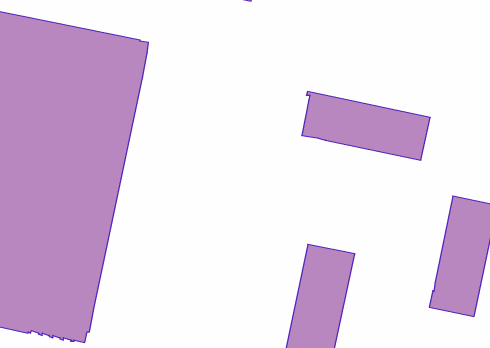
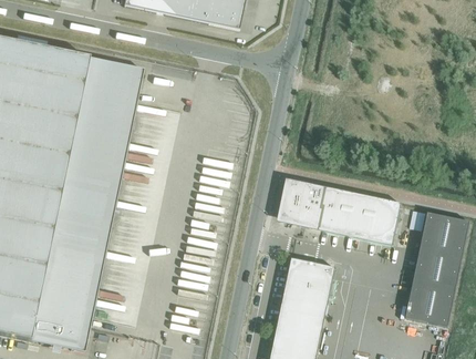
building: [302,92,430,160] -> [280,177,401,242]

